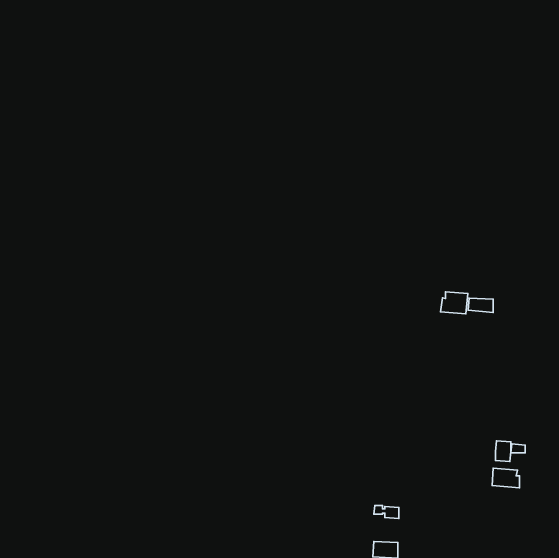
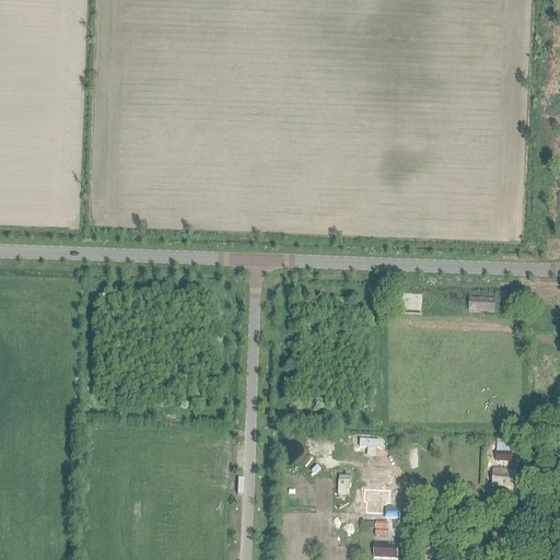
building: [440,292,468,314] -> none

